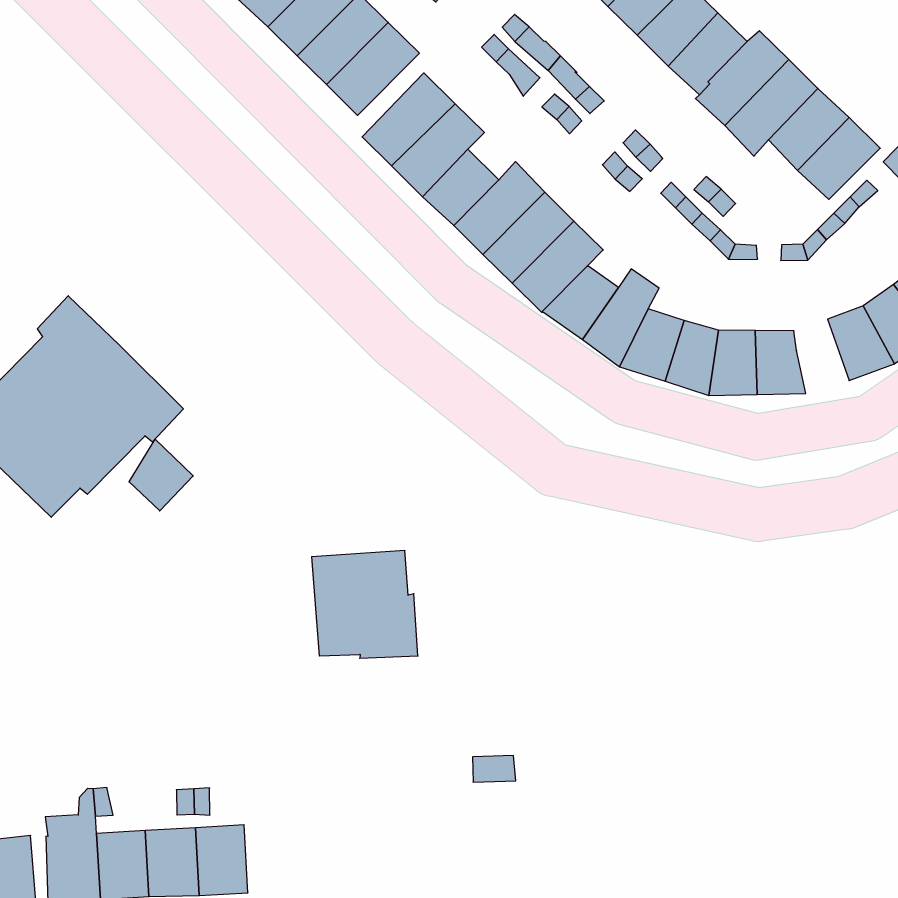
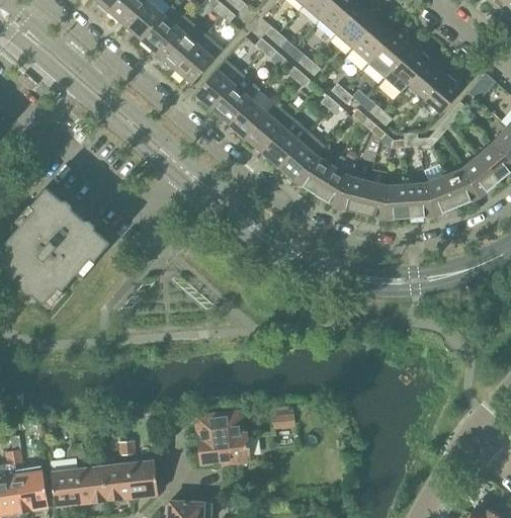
building: none -> [426,176,456,215]
building: [129,439,193,511] -> none
building: [312,551,418,658] -> [192,409,251,466]

